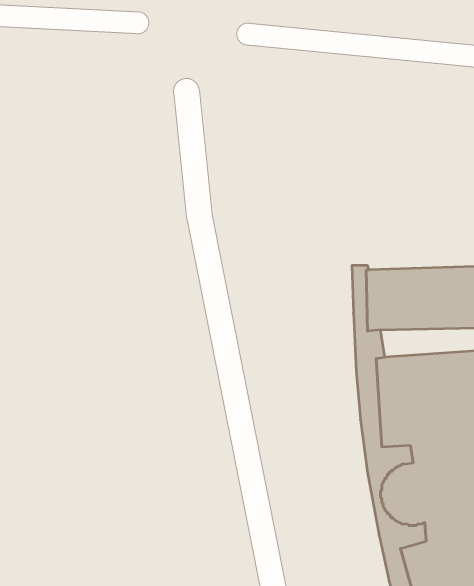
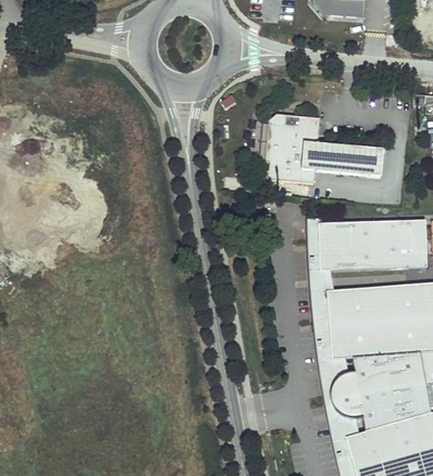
building: none -> [265,113,384,182]

